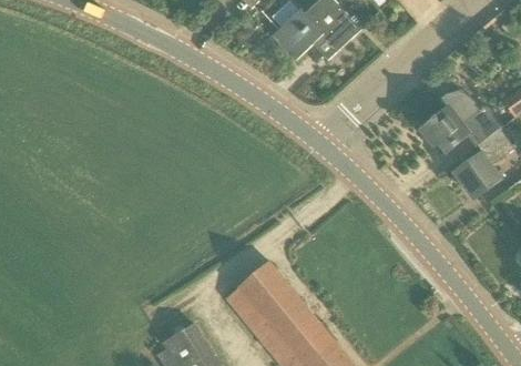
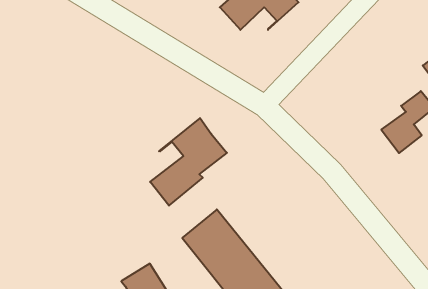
building: [420,91,498,153] -> none
building: none -> [150,118,227,206]

